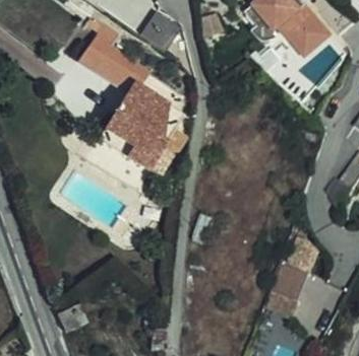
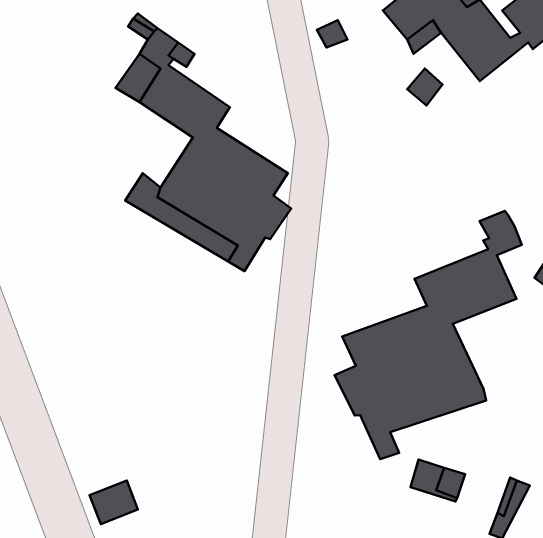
building: none -> [335,211,522,459]

